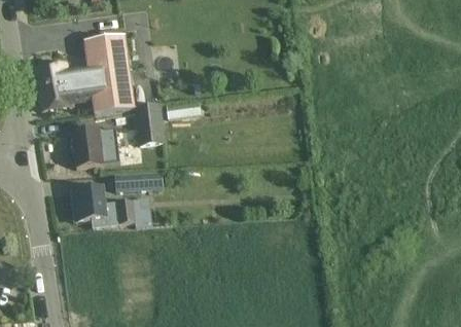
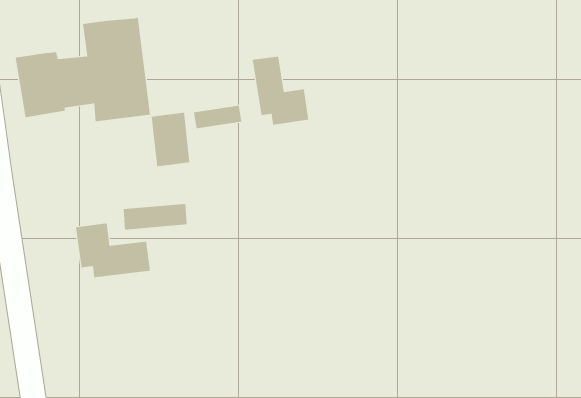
building: none -> [252,56,309,125]
building: [71,124,116,166] -> none

